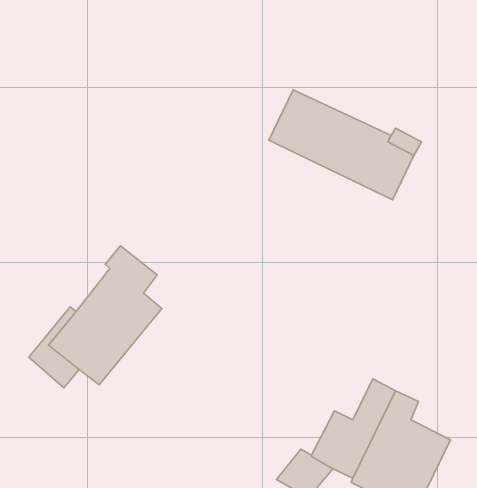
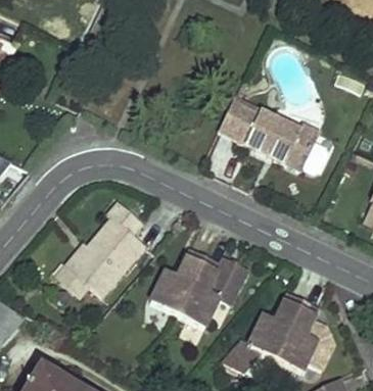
building: none -> [149,248,246,327]

